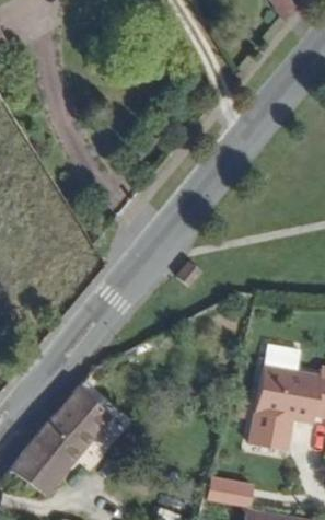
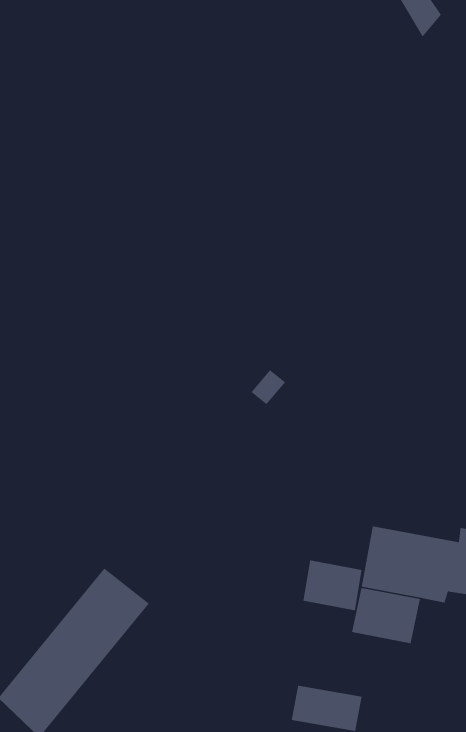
building: none -> [302,560,363,611]

